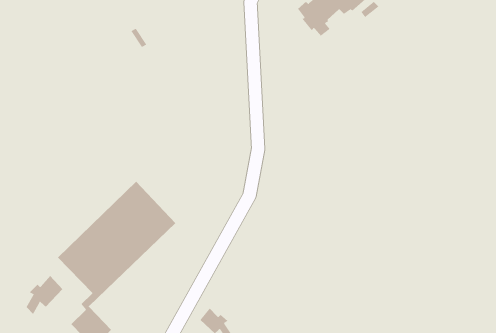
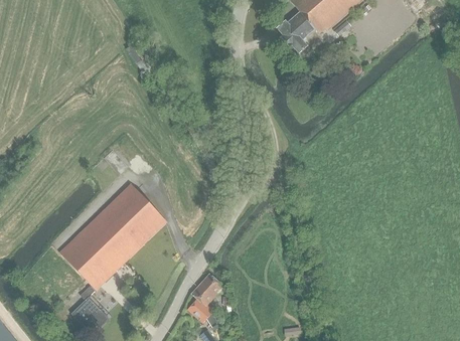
building: [26,275,63,315] -> none
building: none -> [190,273,222,306]

